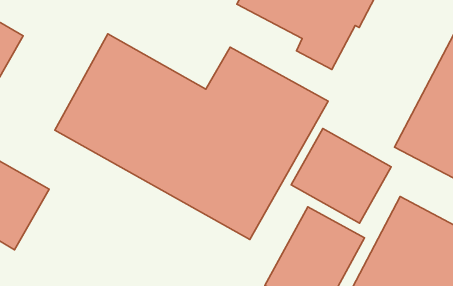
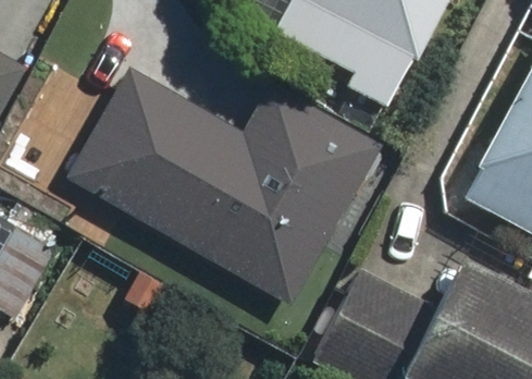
building: [291,129,391,223] -> none

